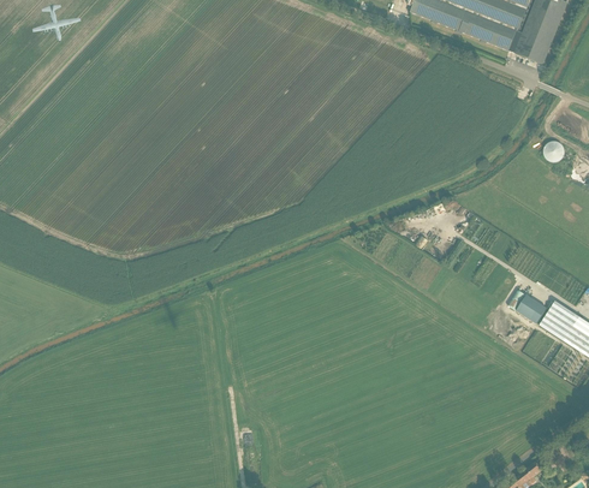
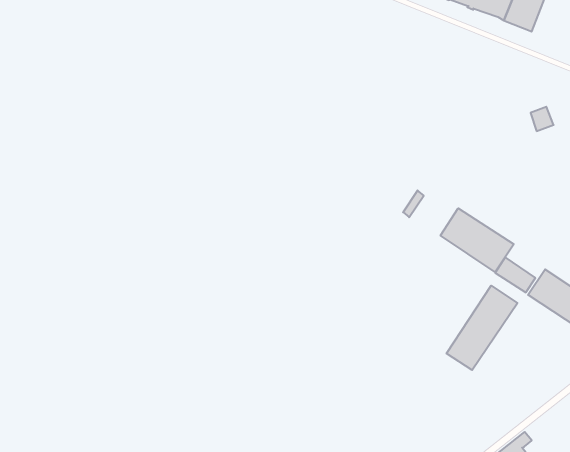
building: none -> [441,208,514,272]
building: none -> [447,286,517,370]

